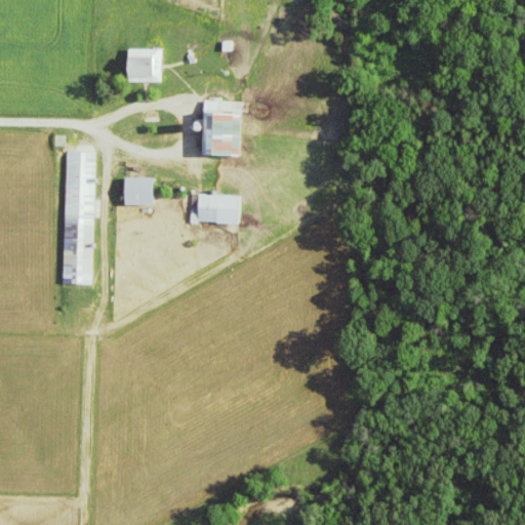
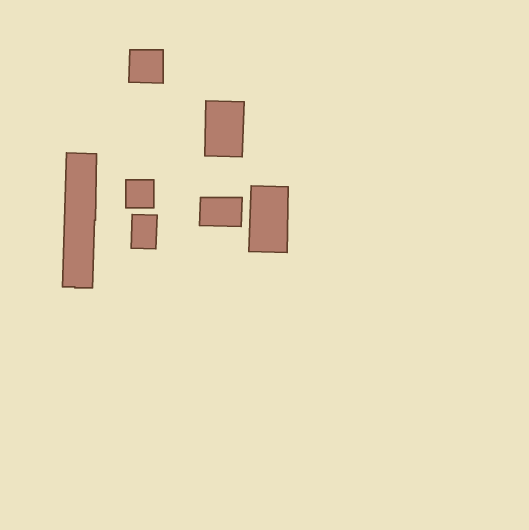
building: none -> [249,186,288,253]
building: none -> [131,214,157,249]

